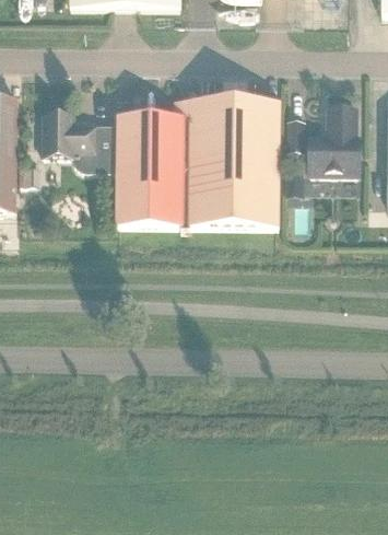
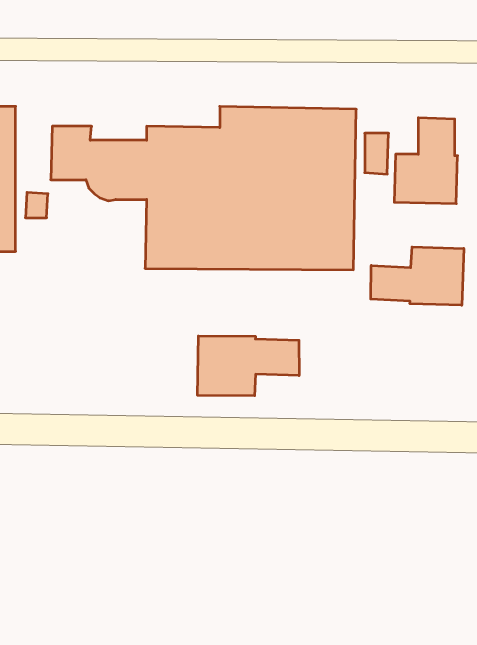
building: none -> [371,247,464,305]
building: none -> [198,336,299,396]

